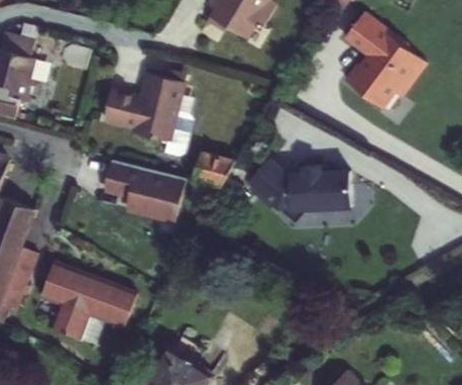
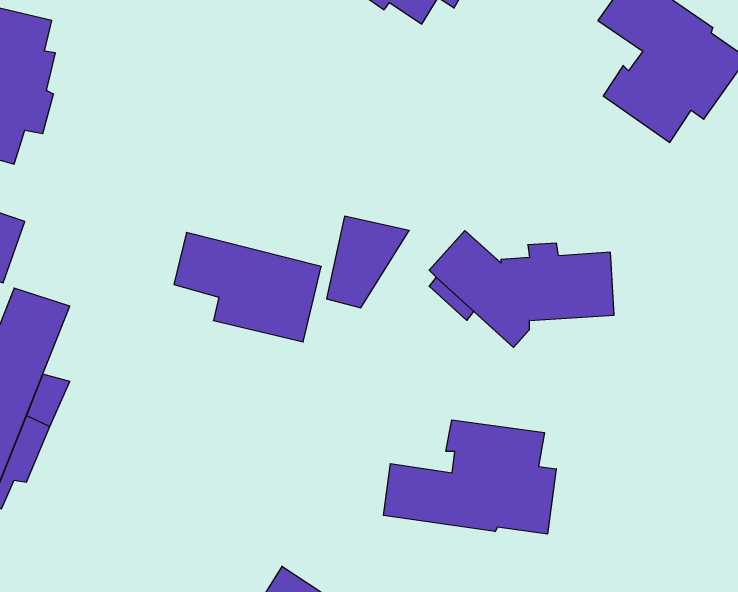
building: [102,75,192,160] -> none
building: [38,262,133,344] -> none
building: none -> [383,420,556,534]

